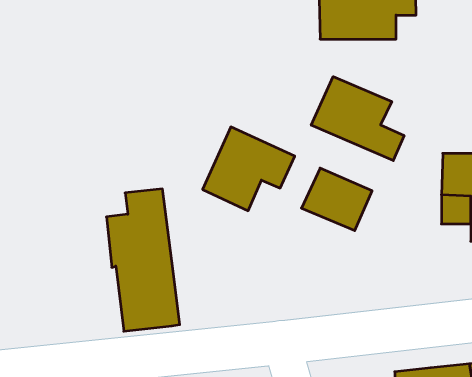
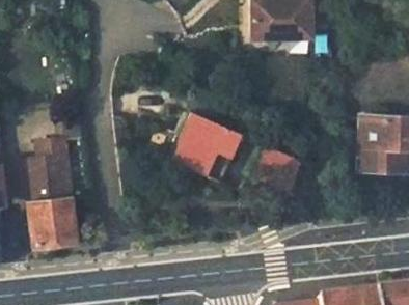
building: [311,77,404,161] -> none
building: [106,189,180,331] -> [22,131,79,242]

